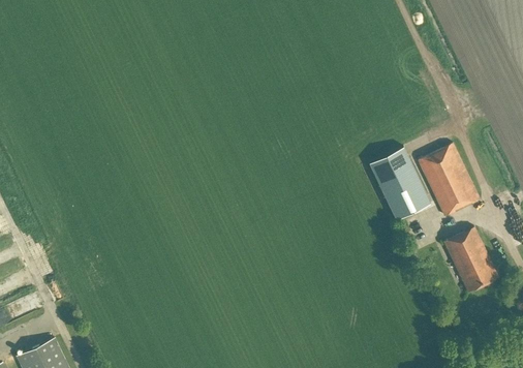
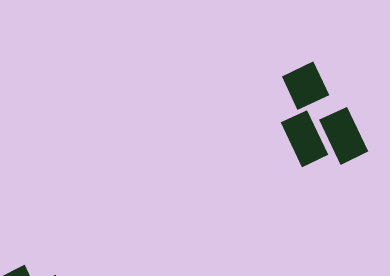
building: none -> [281,61,330,111]
building: [443,227,498,292] -> none

